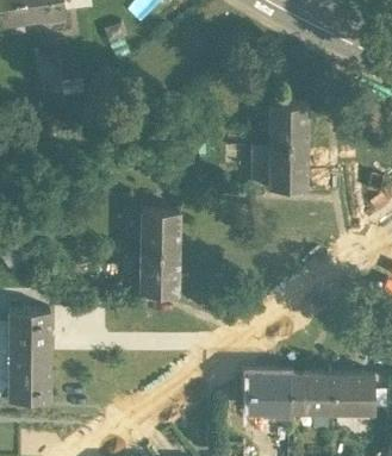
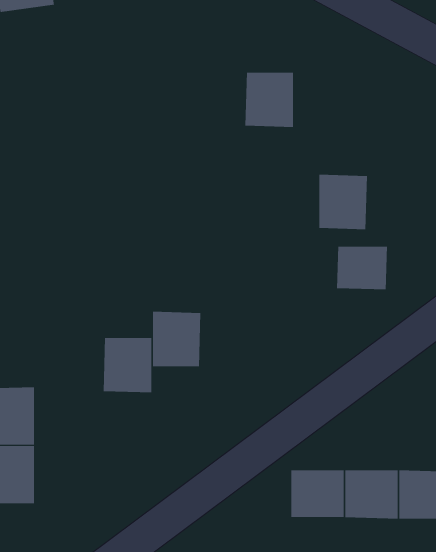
building: [268,105,306,148] -> [245,72,294,127]
building: none -> [337,246,387,290]
building: [139,211,178,254] -> [103,338,152,393]

